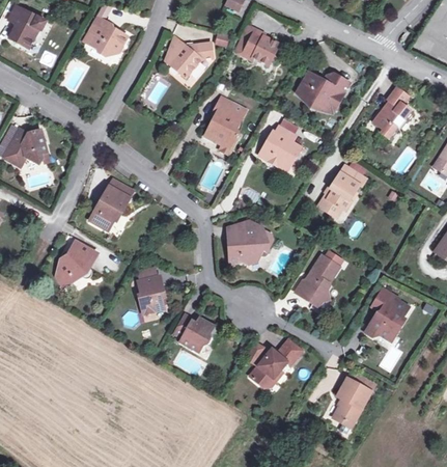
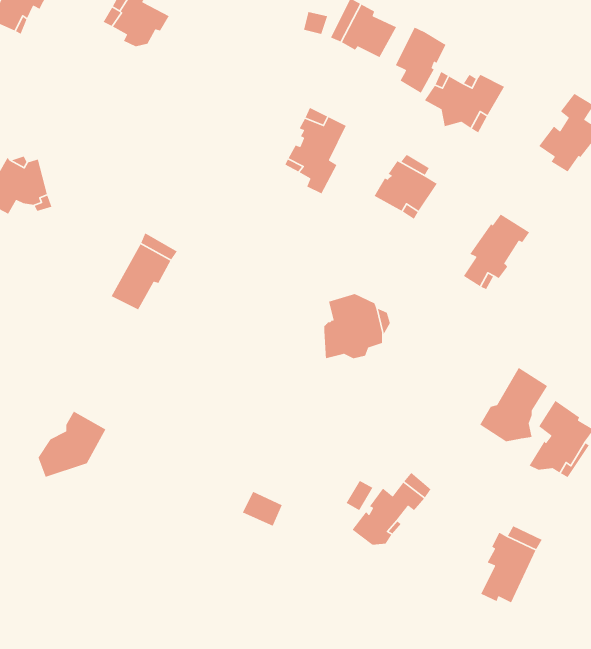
building: [164,35,213,77] -> none
building: none -> [395,27,446,94]
building: [51,241,96,285] -> [37,410,106,478]
building: [294,253,339,303] -> [479,367,548,442]
building: [135,275,161,313] -> none
building: [172,313,212,353] -> none

